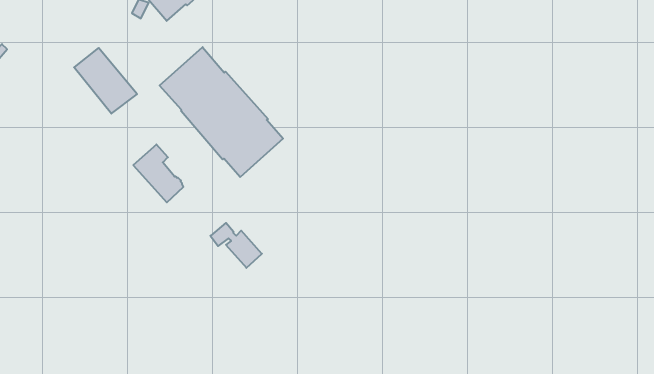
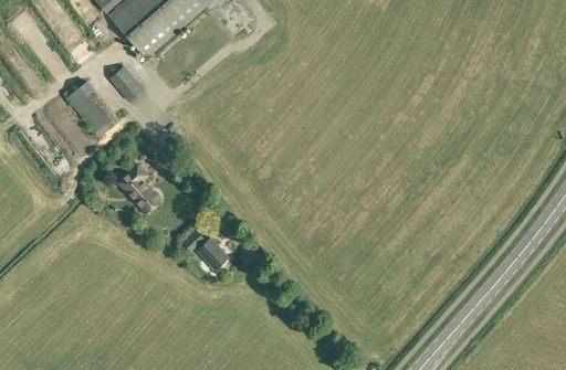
building: none -> [108,65,140,99]
building: [160,47,283,177] -> none

